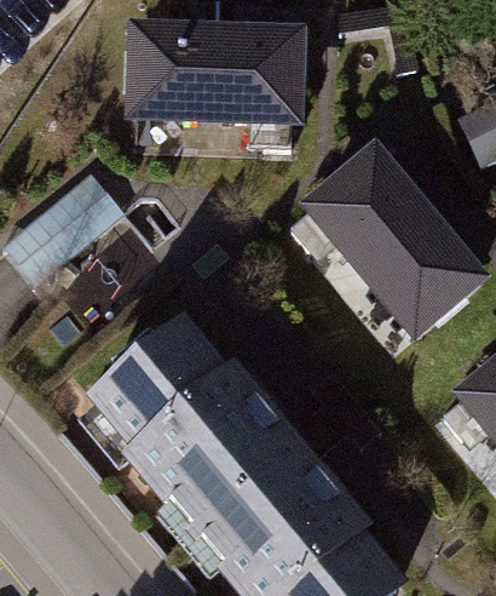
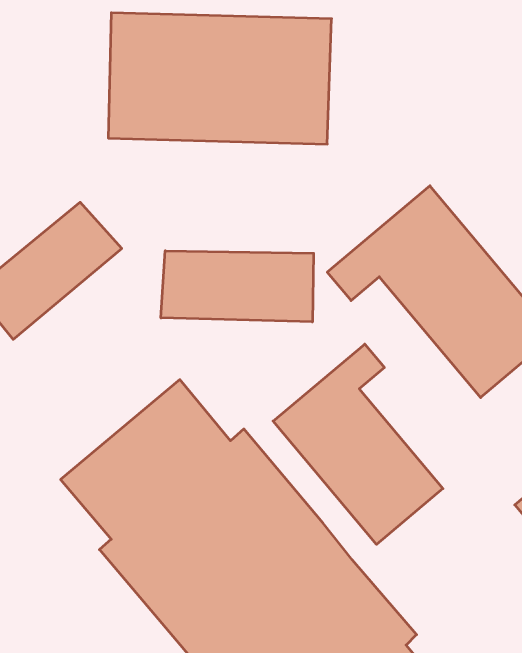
building: none -> [161,251,314,322]
building: none -> [273,344,443,544]

